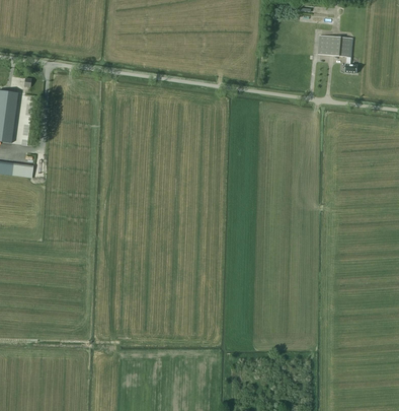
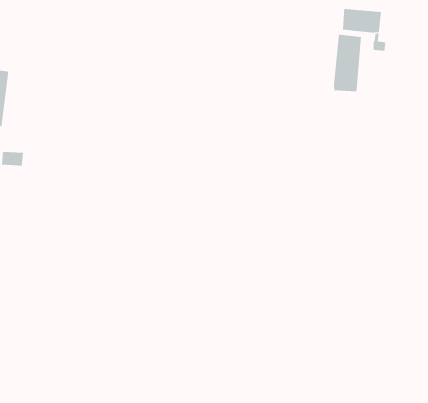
building: none -> [333,34,362,92]

